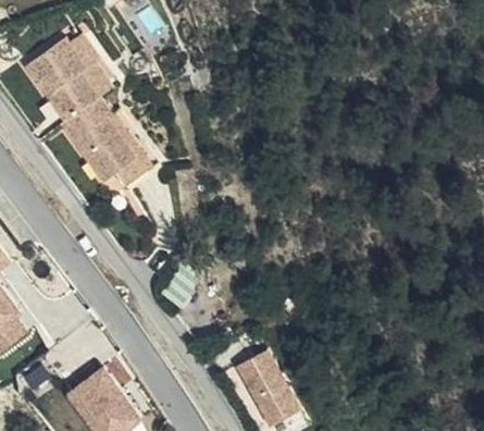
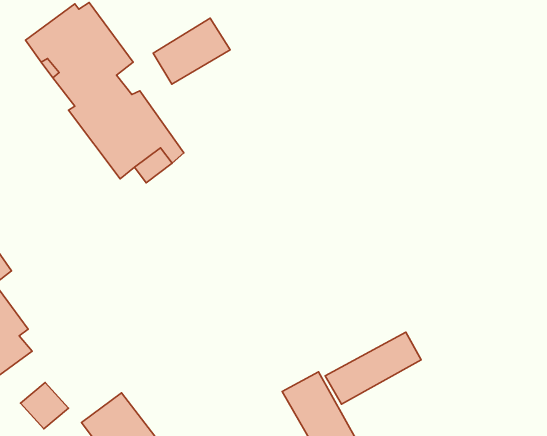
building: none -> [153,18,230,84]
building: none -> [325,332,421,404]

